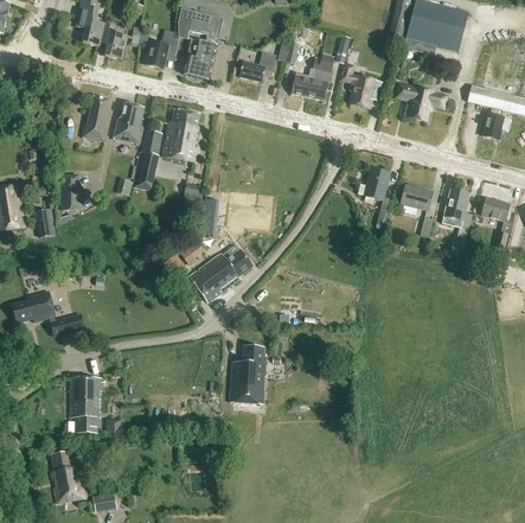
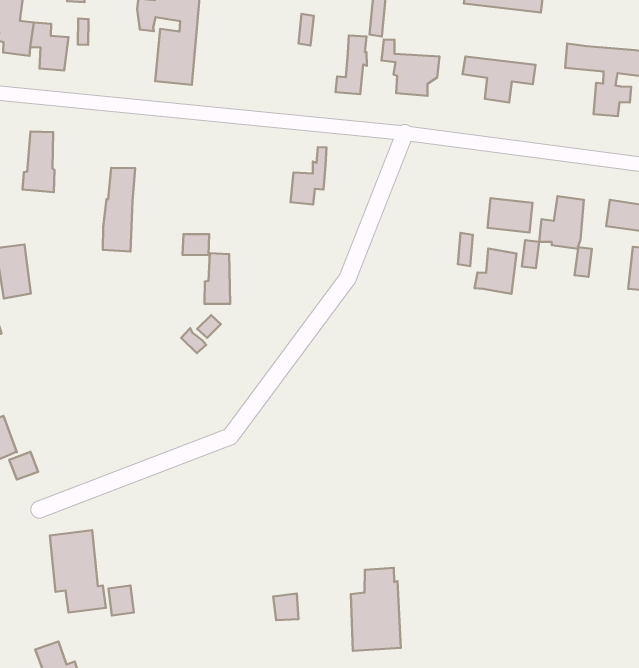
building: [145,34,175,68] -> none
building: [241,50,277,81] -> none
building: [292,57,321,96] -> [291,147,327,204]
building: [114,102,145,142] -> none
building: [161,108,203,161] -> none
building: [357,166,389,199] -> [474,249,517,294]
building: [190,249,252,301] -> none
building: [229,345,265,402] -> [351,568,401,651]

